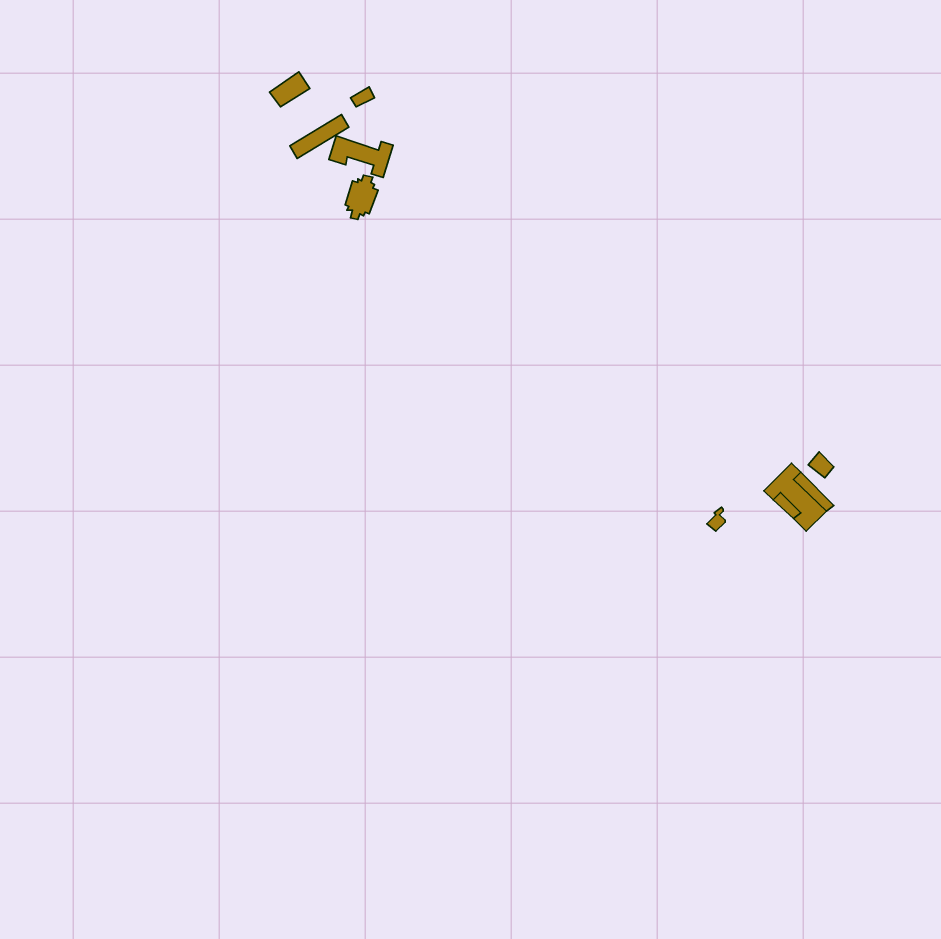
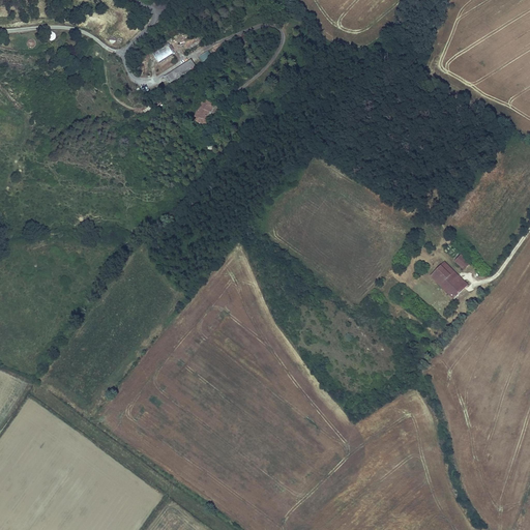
building: [329,136,393,178] -> none

